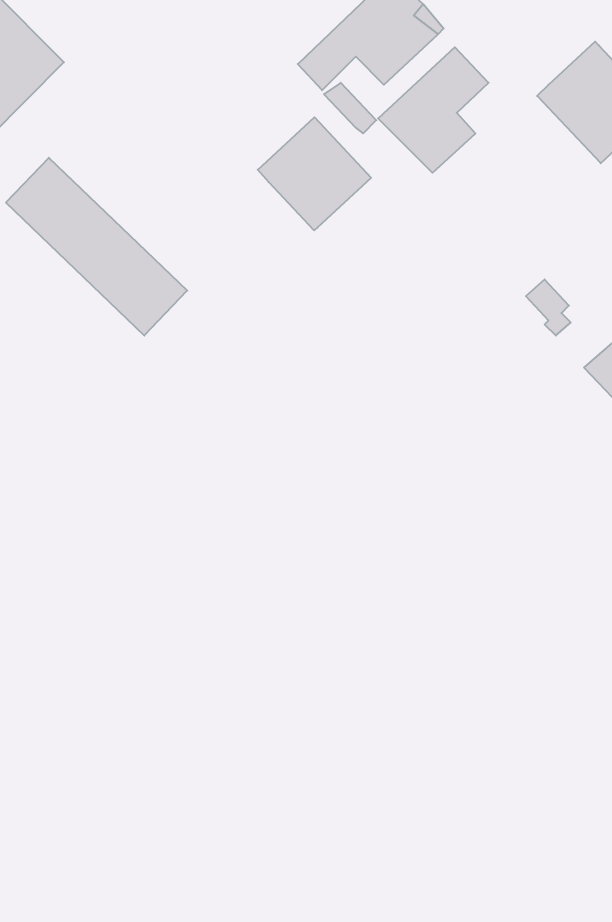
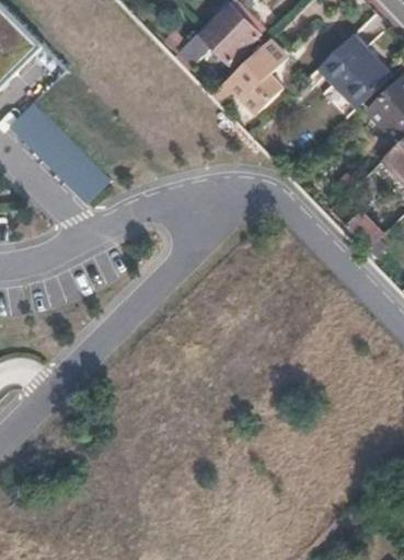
building: [258,117,371,230] -> none

